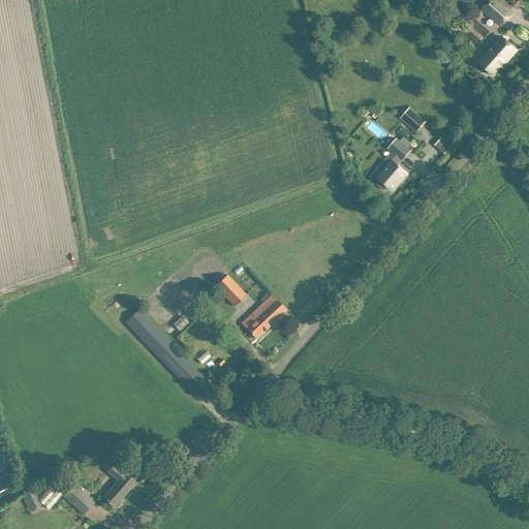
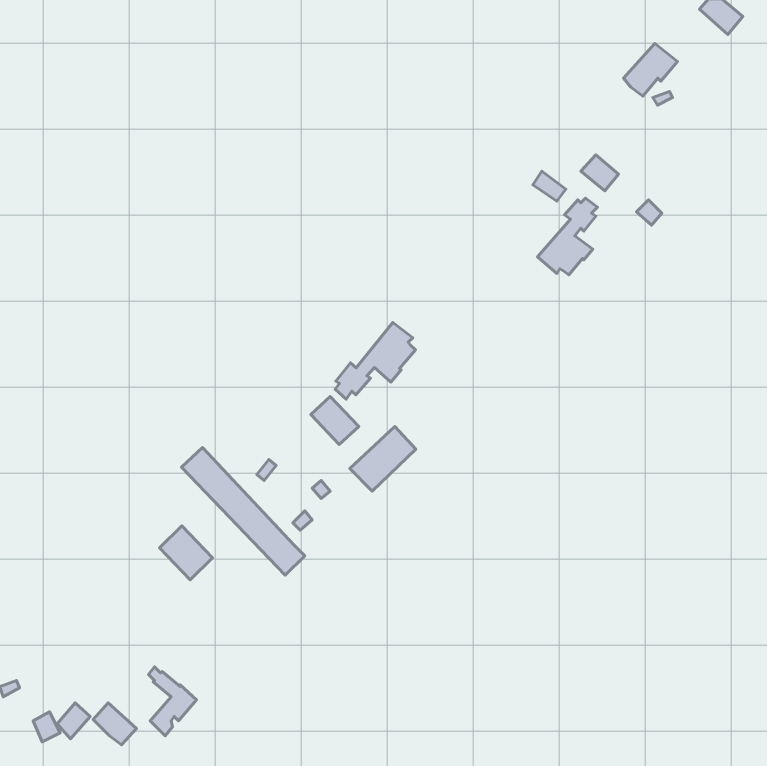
building: [479,36,517,72] -> [623,44,677,96]
building: none -> [335,323,416,399]
building: none -> [160,526,212,580]

